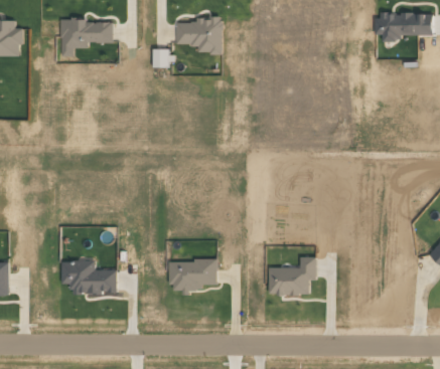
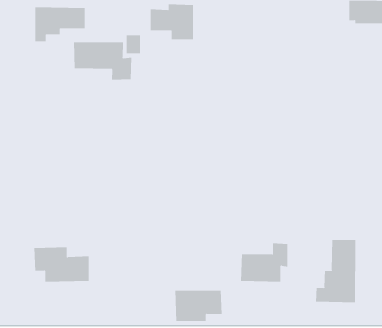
building: none -> [74,42,132,81]
building: none -> [316,239,356,303]
building: [169,260,217,292] -> [174,290,223,321]

